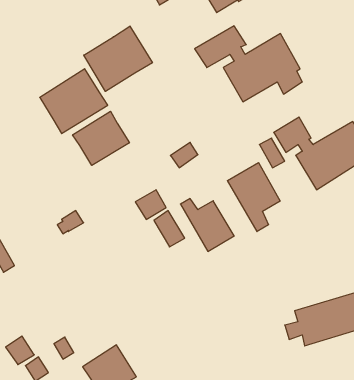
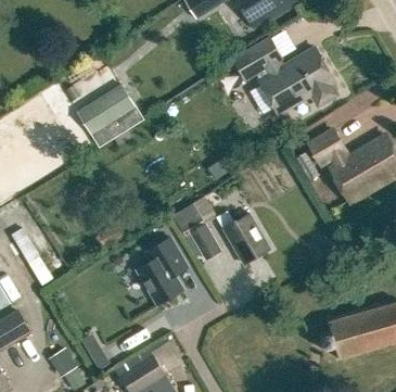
building: [84,26,152,91] -> none
building: [73,111,129,165] -> none
building: [227,163,280,232] -> none
building: none -> [136,237,183,305]

